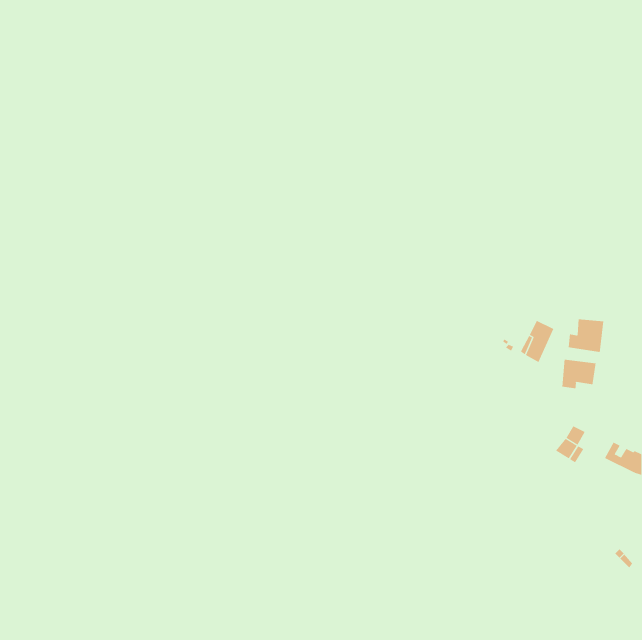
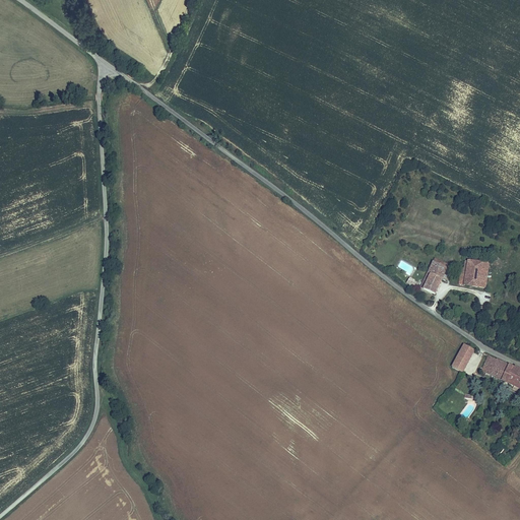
building: [562,359,596,389] -> none

